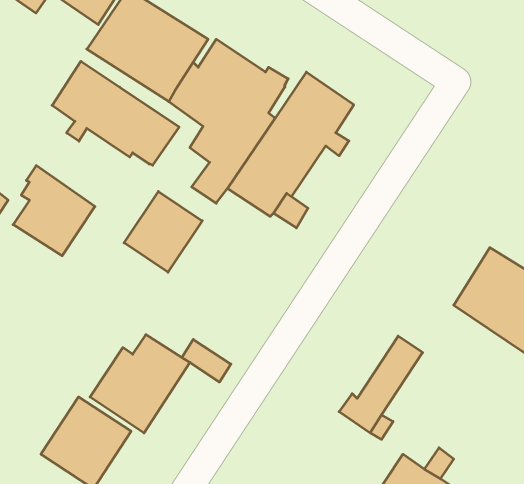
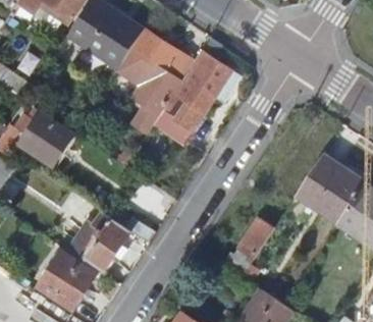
building: [52,61,179,165] -> none
building: [124,191,202,272] -> none

